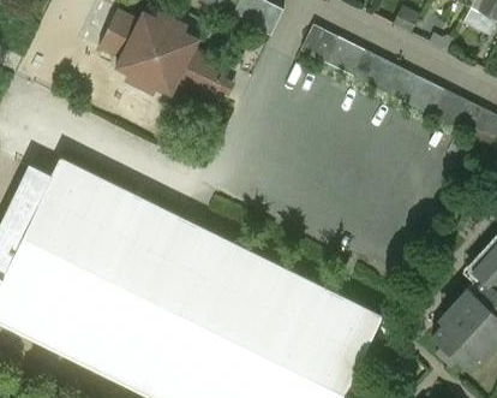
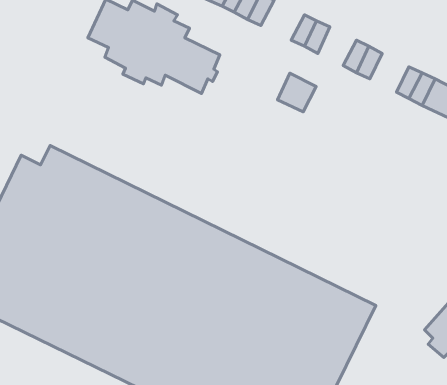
building: [325,37,364,76] -> [278,73,316,112]
building: [377,64,415,102] -> none

